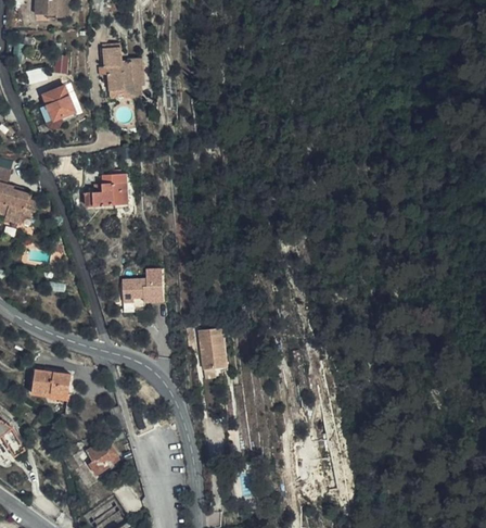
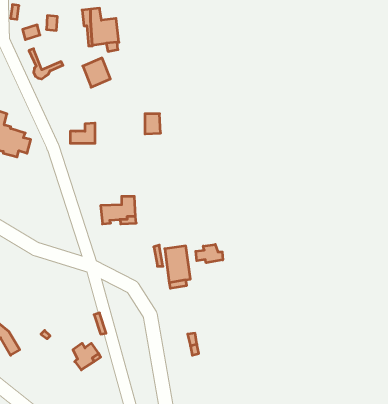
building: [41,84,74,118] -> [83,58,110,87]
building: [114,181,132,205] -> [145,114,161,134]
building: none -> [196,244,223,263]
building: [31,369,72,395] -> none

